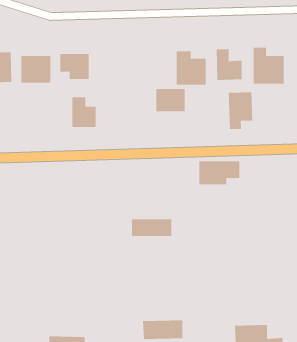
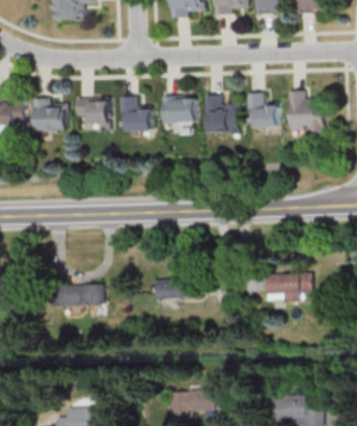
building: [156,89,185,112] -> [161,97,194,123]
building: [228,92,253,130] -> none
building: [71,97,96,128] -> [122,97,149,131]
building: [199,161,240,185] -> [266,273,311,299]
building: none -> [53,284,102,304]

